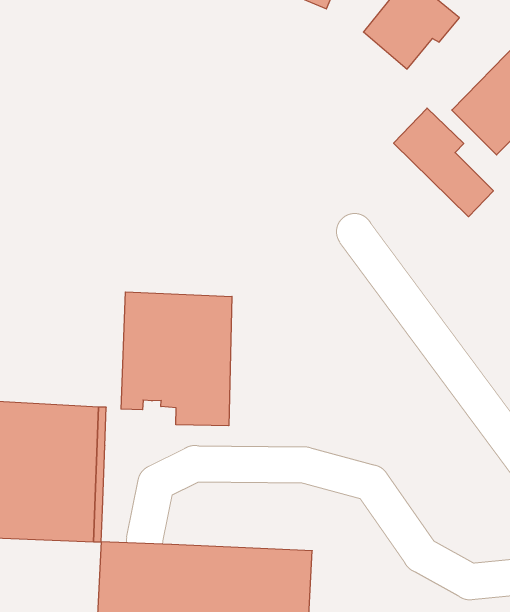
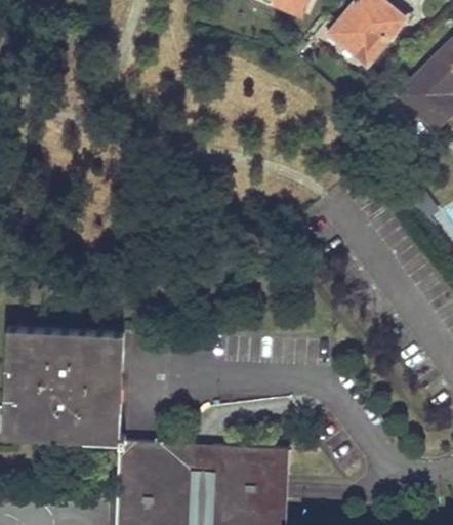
building: [394,108,493,217] -> none
building: [121,292,232,426] -> none

